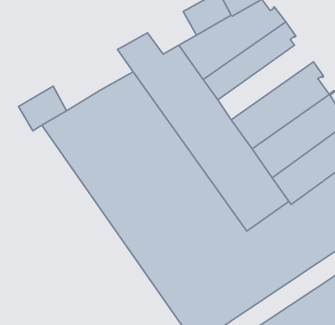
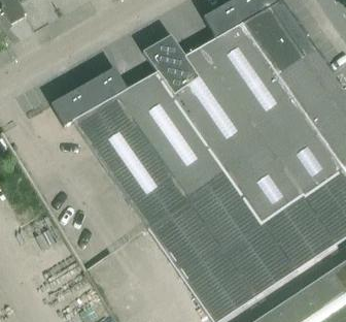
building: none -> [235,46,323,116]
building: none -> [82,66,127,107]

